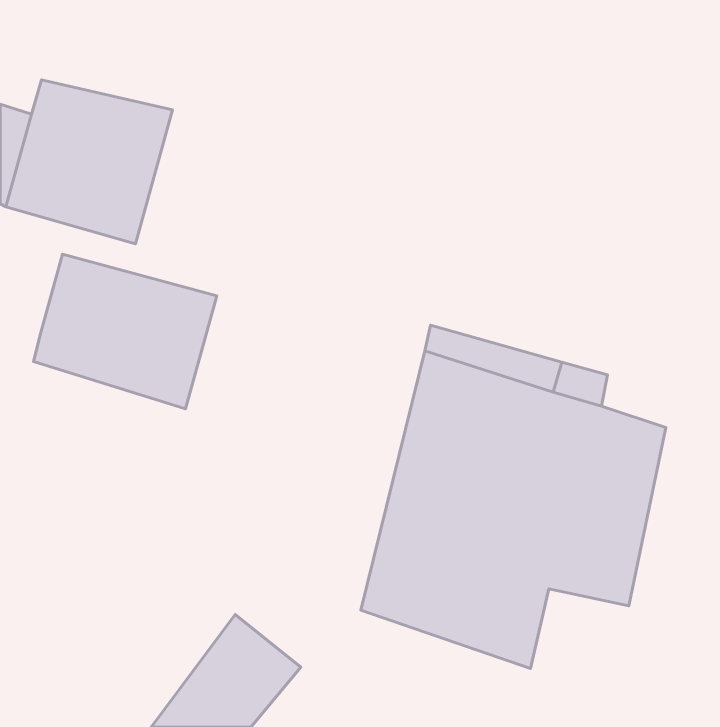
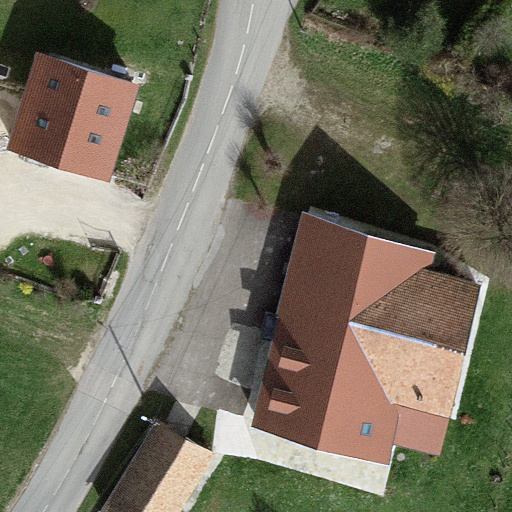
building: [33,254,217,409] -> none

